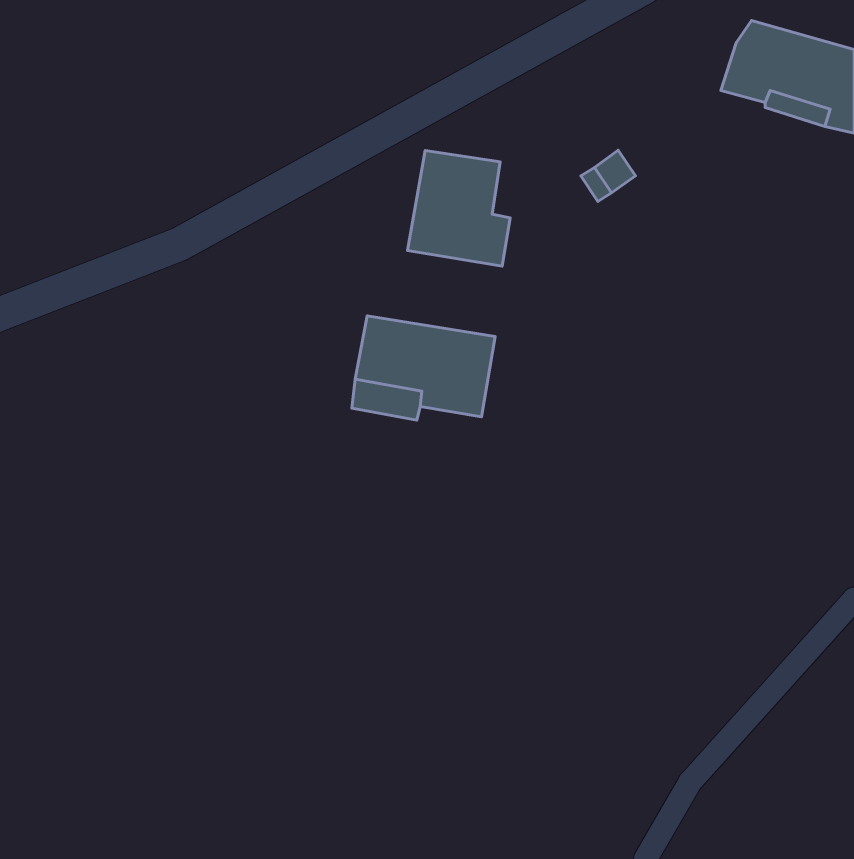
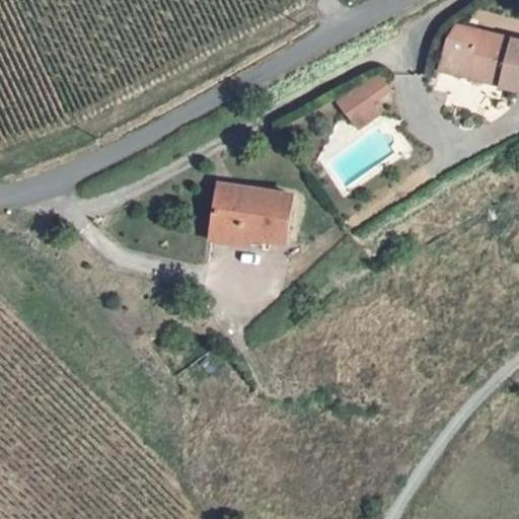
building: [408,150,510,266] -> none

